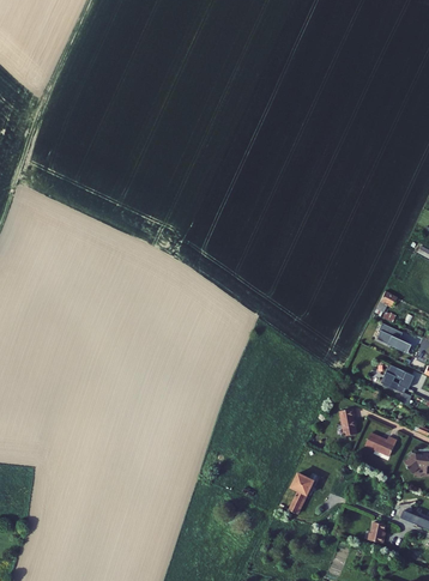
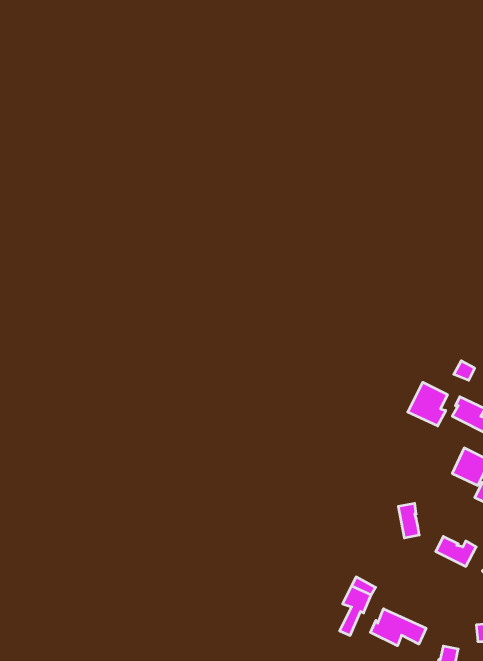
building: none -> [408,382,447,426]
building: none -> [370,609,426,646]

